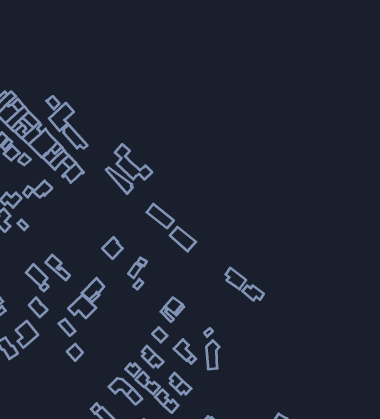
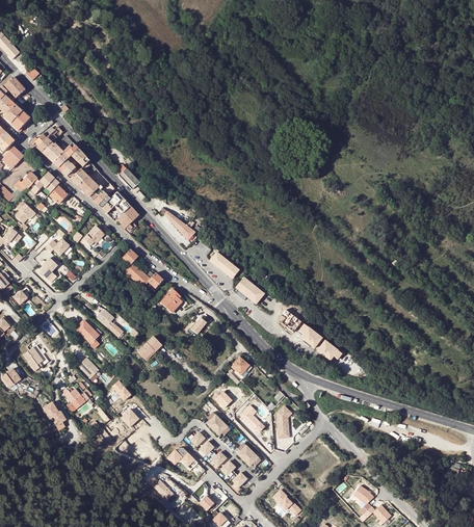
building: [49,103,74,131] -> none
building: [115,144,152,179] -> [122,248,163,288]
building: [68,295,96,318] -> none

